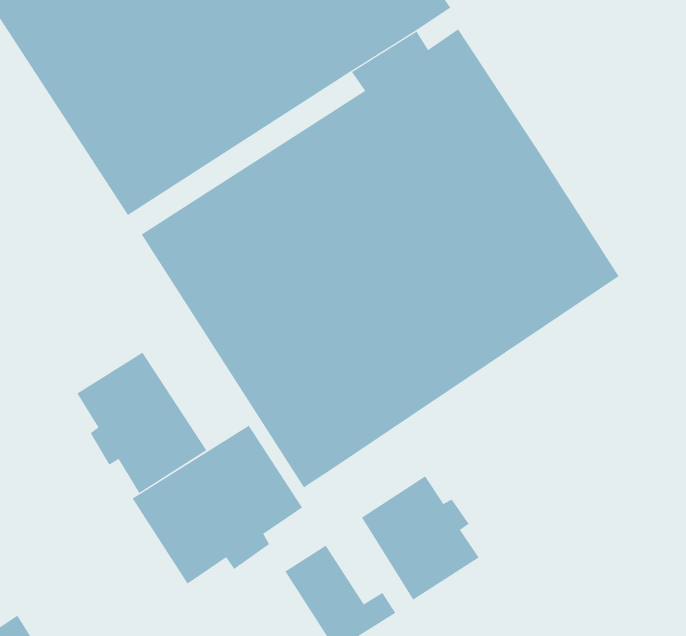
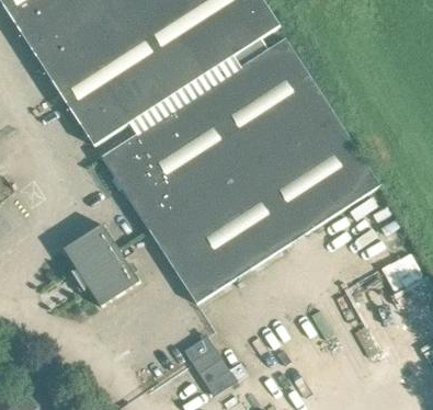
building: [132,425,303,584] -> none
building: [361,476,479,600] -> none

